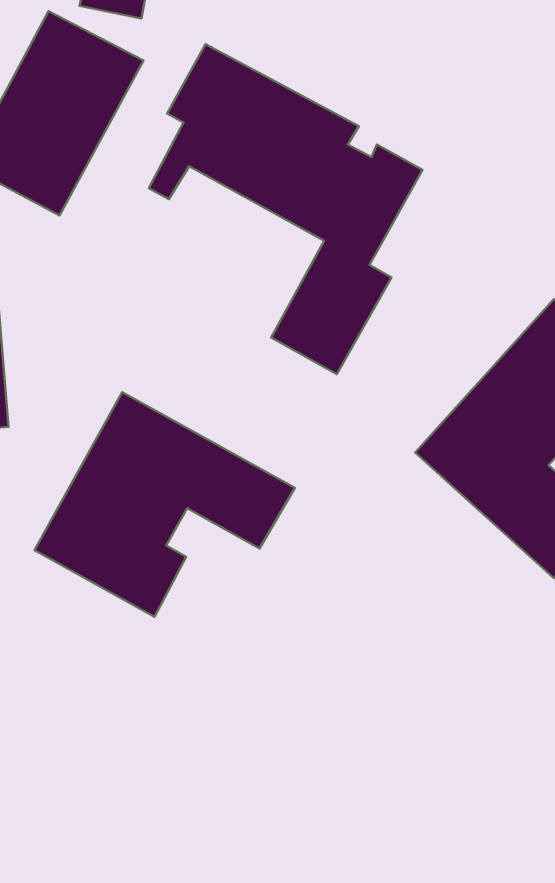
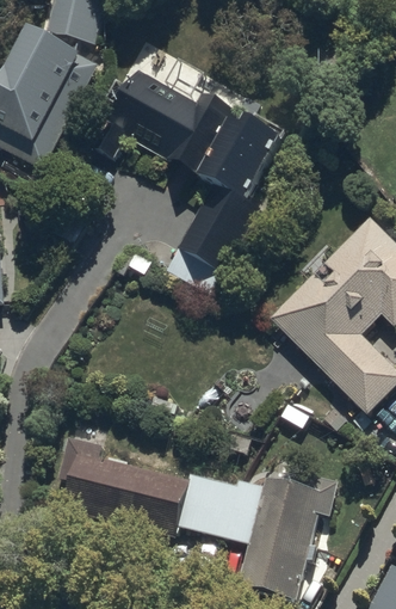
building: [34,392,295,617] -> none
building: none -> [76,460,320,593]

